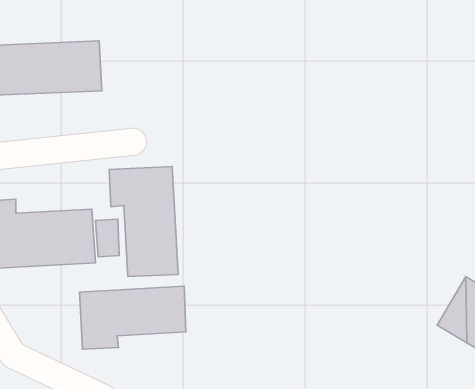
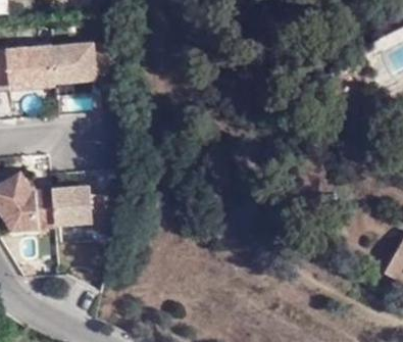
building: [109,166,178,276] -> none
building: [79,286,186,349] -> none

